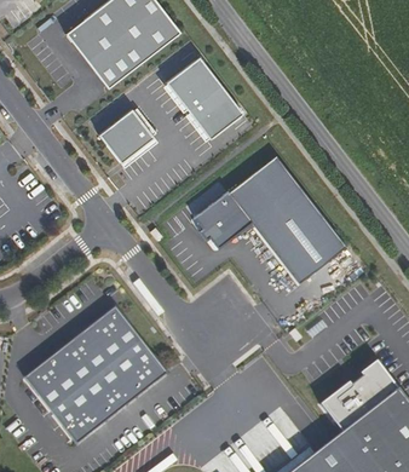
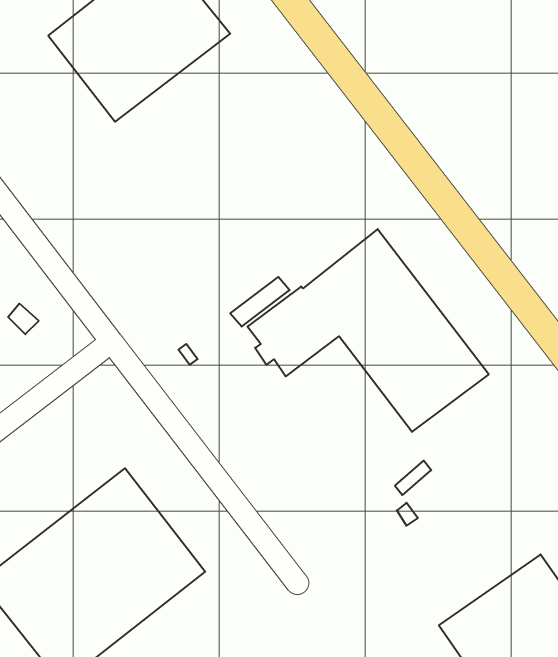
building: [166,57,242,139] -> none
building: [98,109,154,163] -> none

